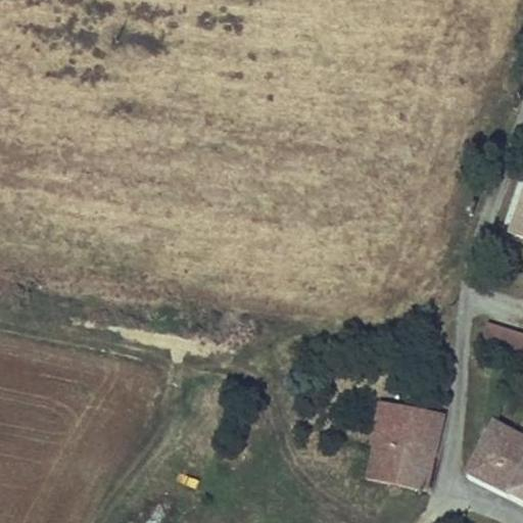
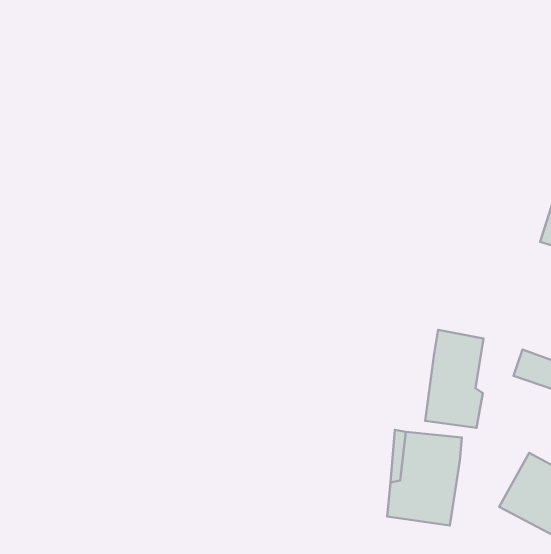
building: none -> [425,330,484,428]

